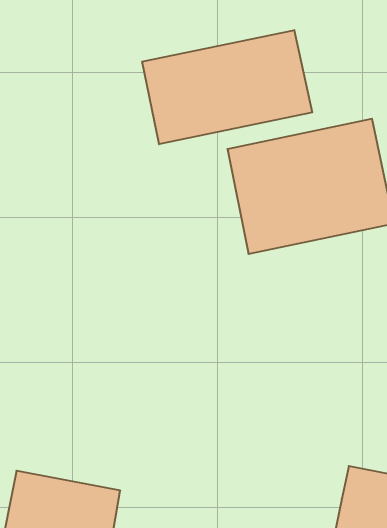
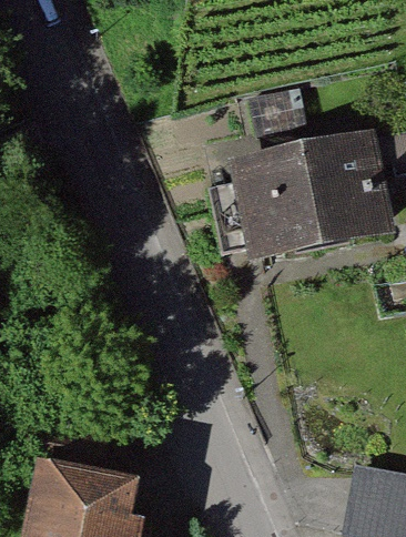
building: [142,30,312,144] -> none

